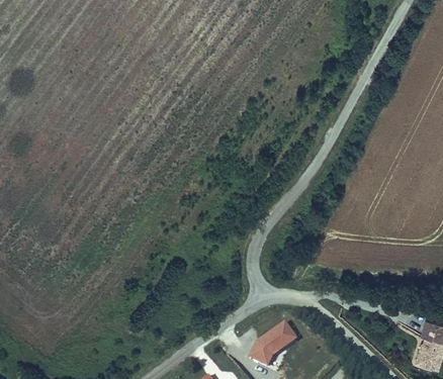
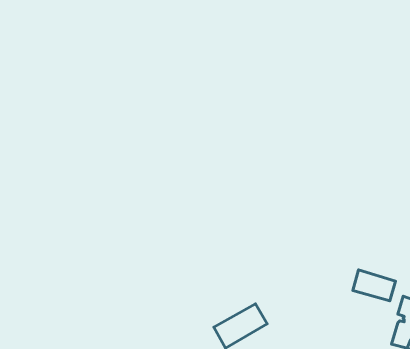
building: none -> [353,270,396,301]

